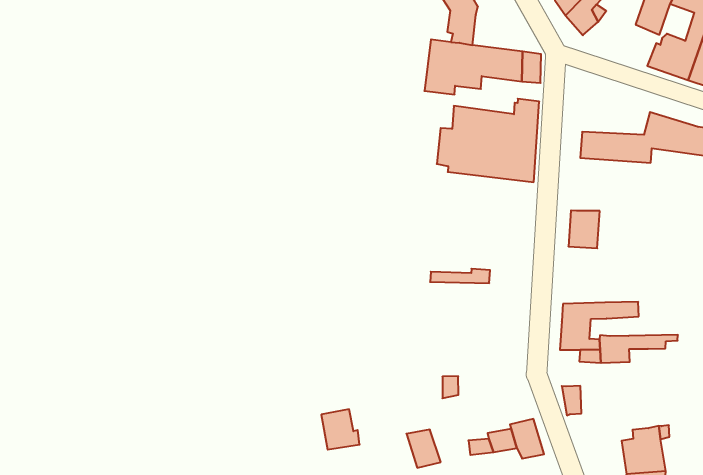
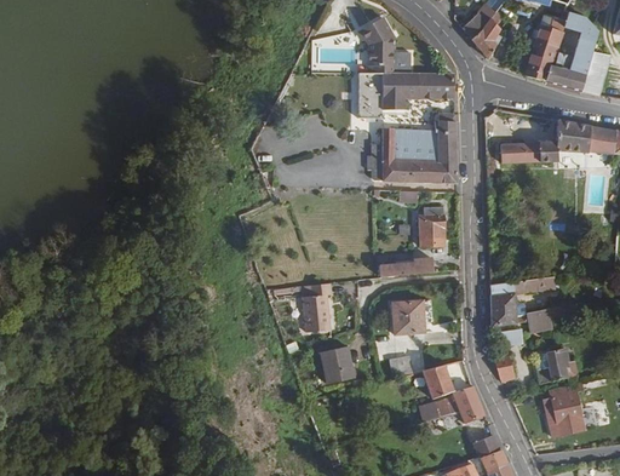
building: none -> [526,47,555,81]
building: [568,210,600,248] -> [420,214,444,246]
building: none -> [302,276,329,322]
building: none -> [389,297,420,331]
building: none -> [540,349,578,383]
building: [321,409,360,450] -> [315,340,349,375]
building: [406,430,441,468] -> [420,361,450,394]

